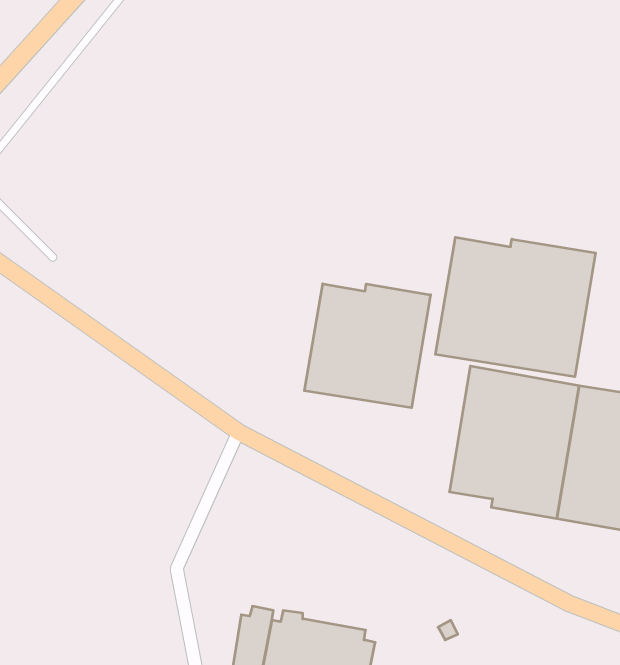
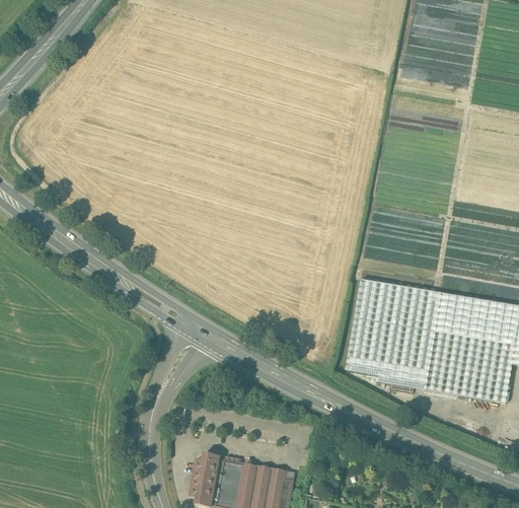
building: [435,237,596,377] -> none
building: [304,284,431,408] -> none

